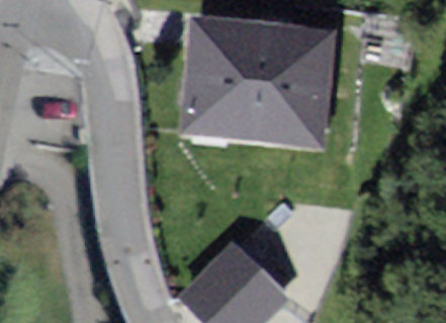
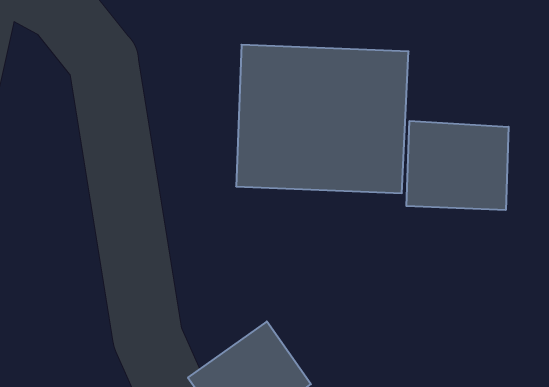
building: none -> [406,121,509,210]

